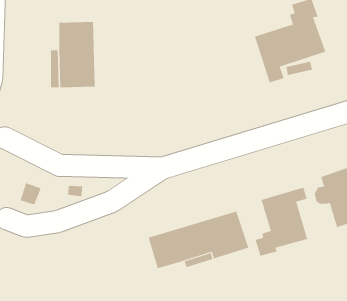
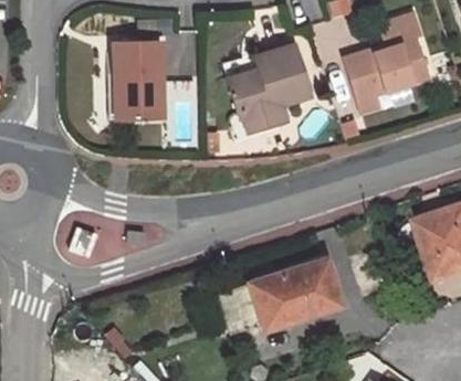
building: none -> [229,44,308,131]
building: [255,187,308,257] -> none

